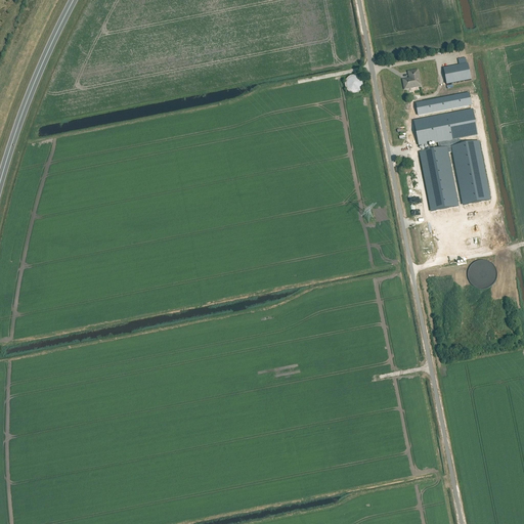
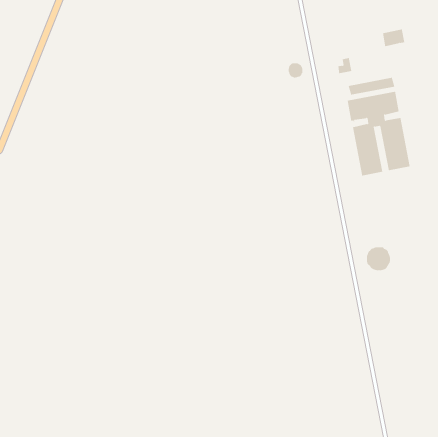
building: [442,62,470,84] -> [382,29,405,47]
building: [467,259,496,288] -> [366,247,391,271]

